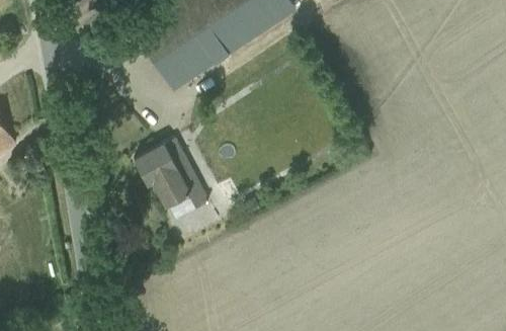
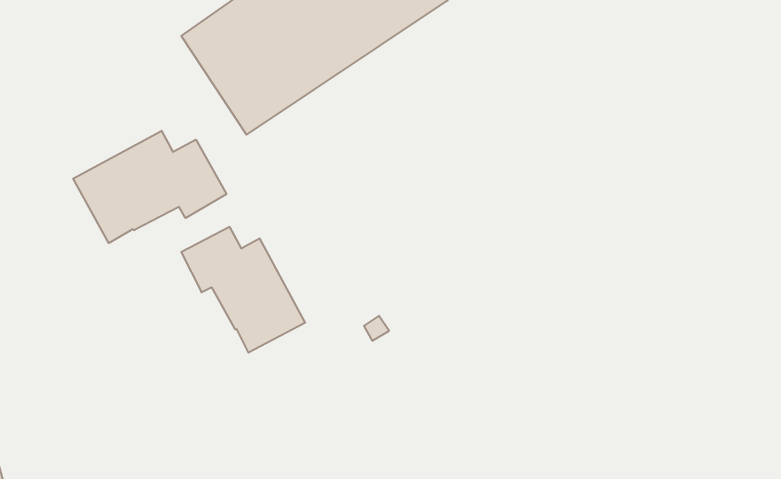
building: none -> [73,131,226,243]

